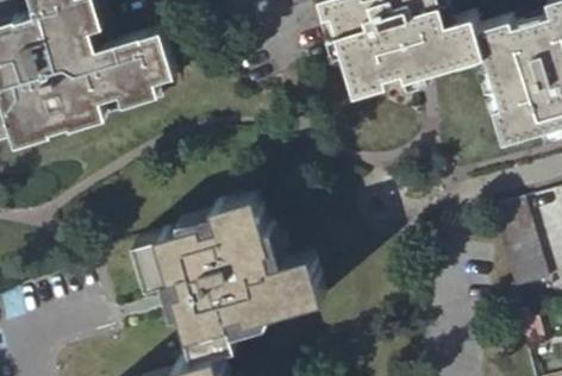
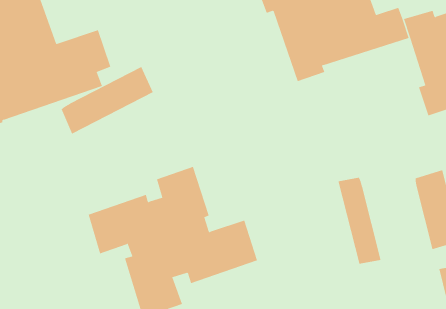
building: none -> [61,66,153,135]
building: none -> [338,177,381,265]

